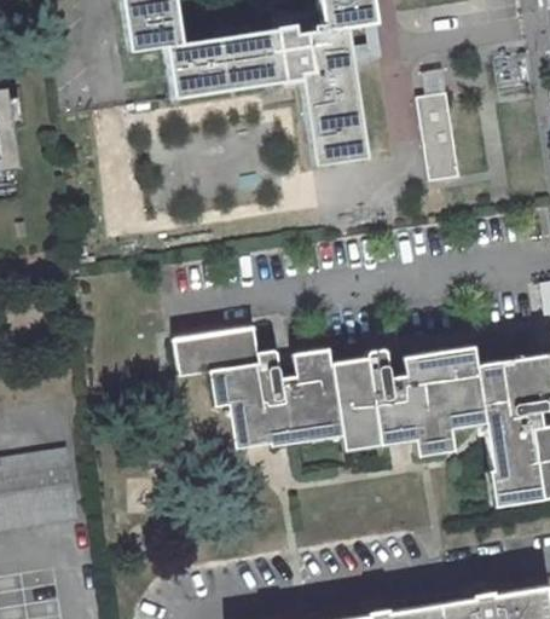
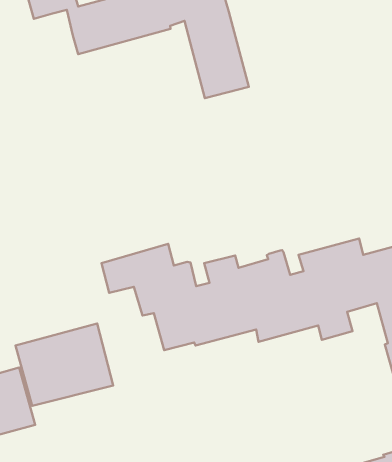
building: [418,92,462,180] -> none
building: none -> [15,324,113,406]

